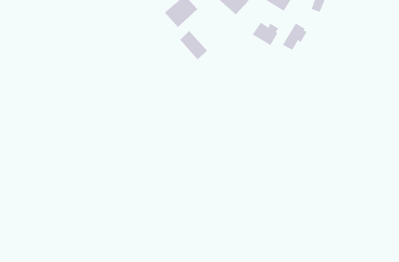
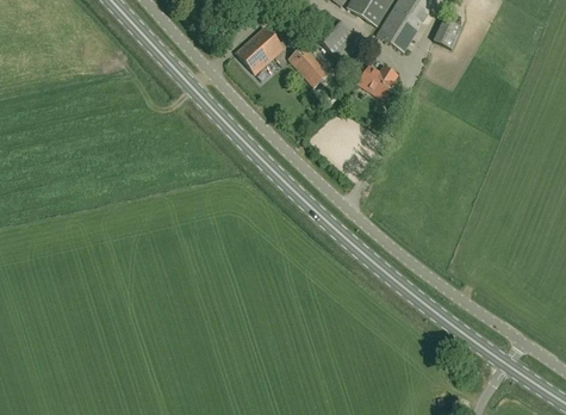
building: [282,23,307,51] -> none
building: [180,30,208,60] -> [290,44,329,86]

